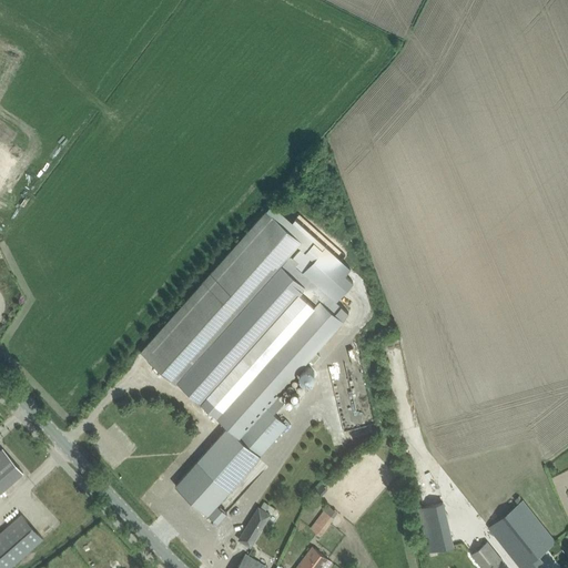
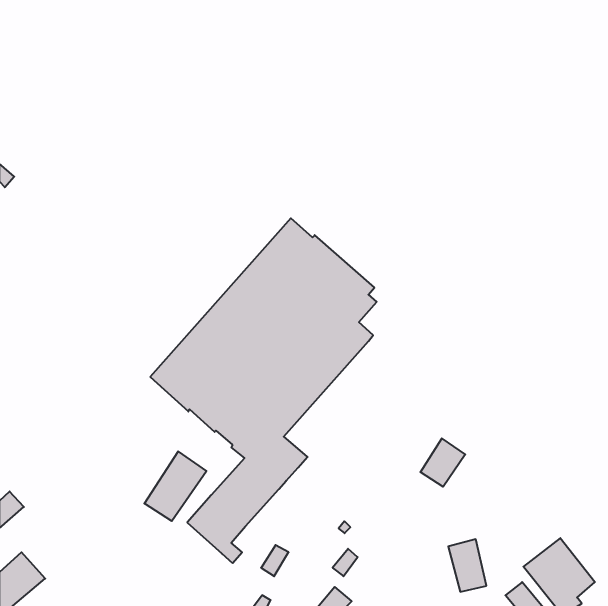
building: none -> [420,438,465,487]
building: none -> [144,451,206,521]

